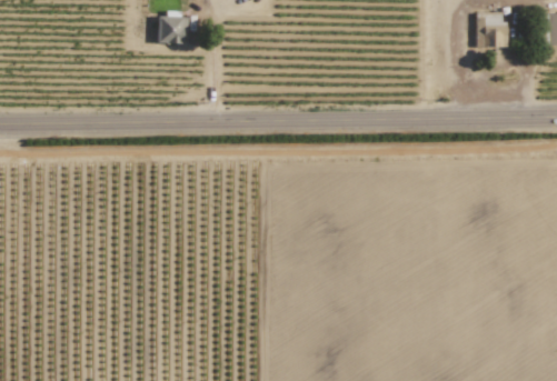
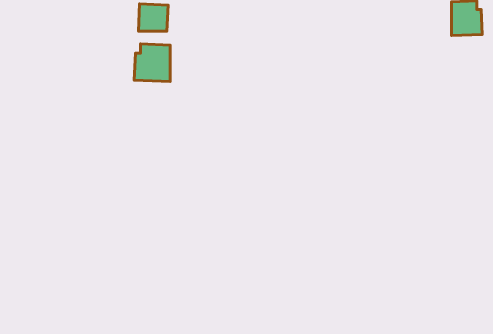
building: none -> [134,44,170,82]

